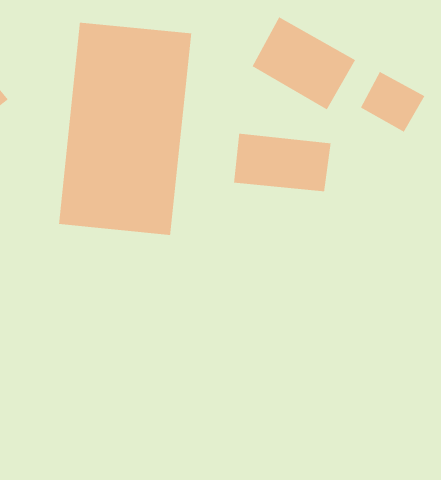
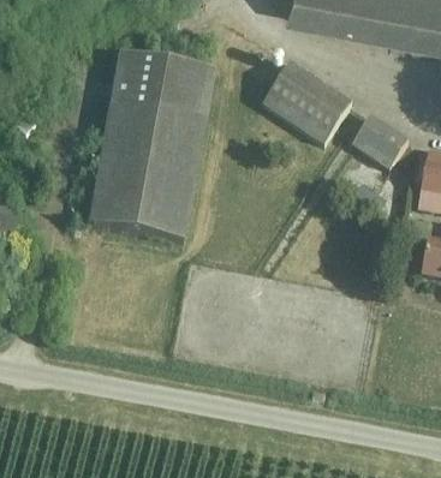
building: [233,133,331,192] -> none

